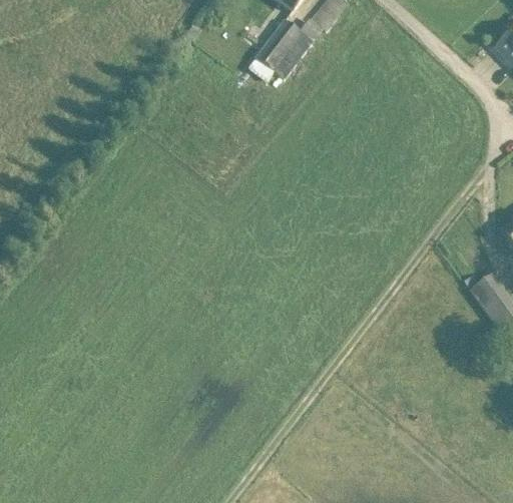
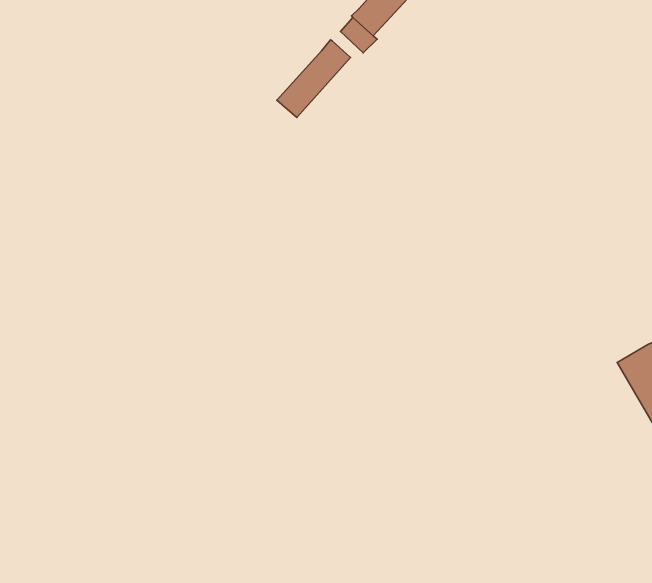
building: none -> [277,40,350,118]

